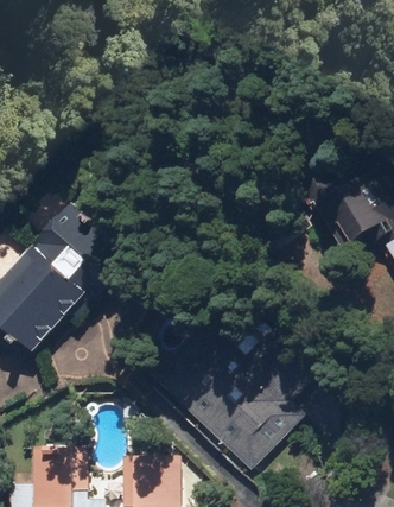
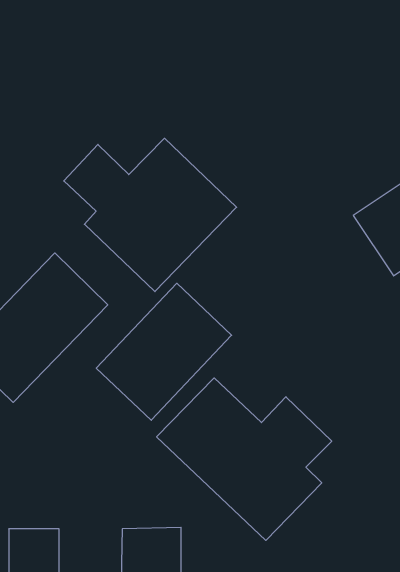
building: none -> [64,138,237,292]
building: none -> [96,283,232,420]

